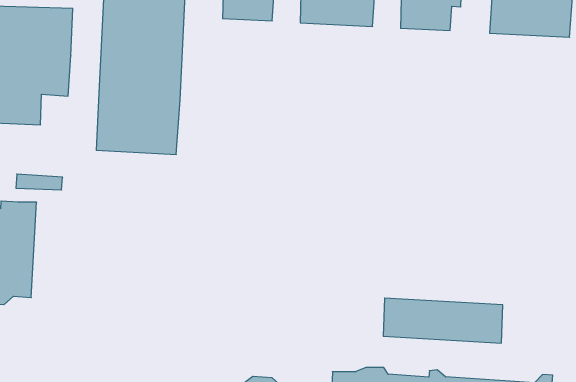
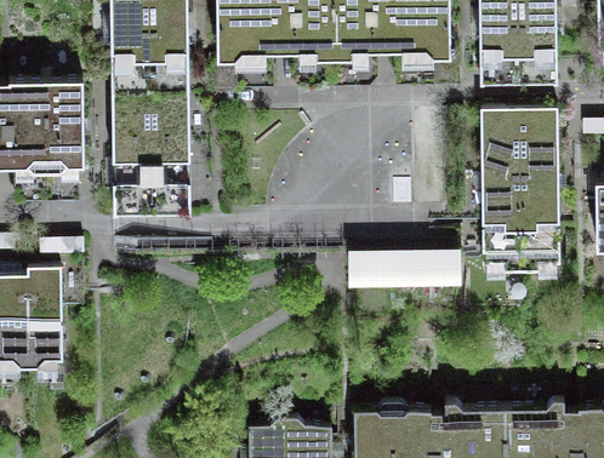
building: none -> [480,105,560,269]
building: [383,298,503,343] -> [348,253,462,291]

